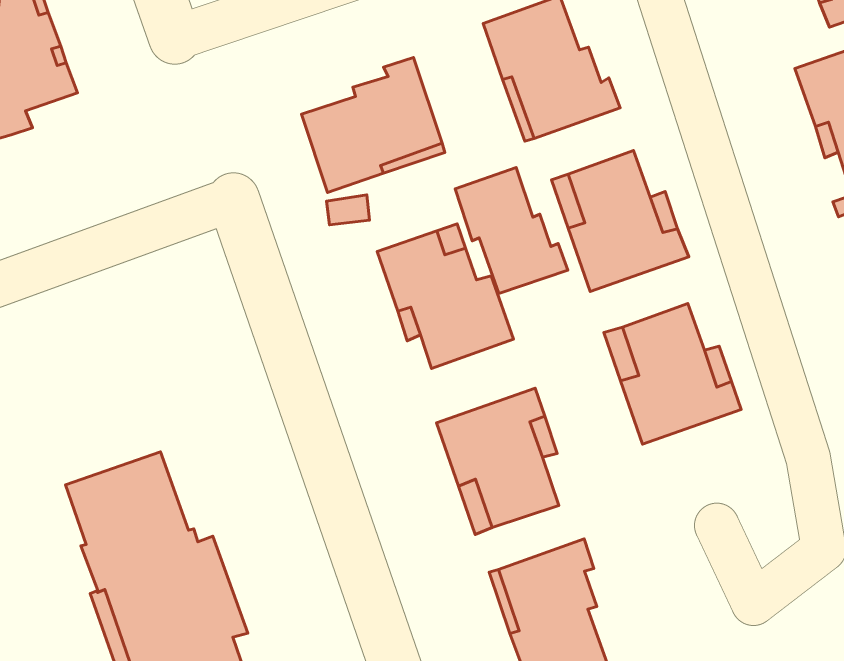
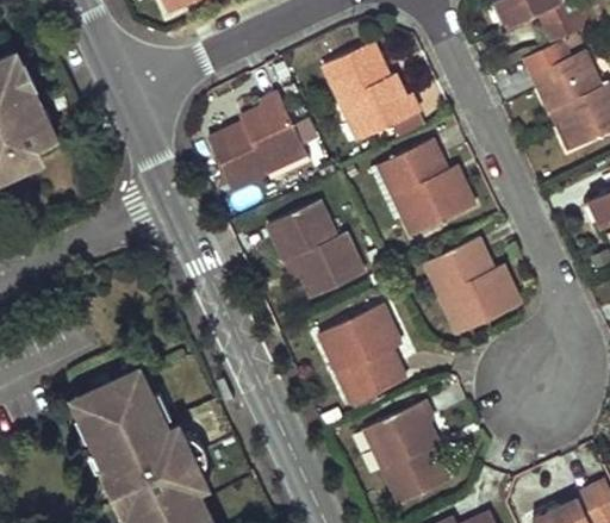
building: [455,168,568,293] -> none

